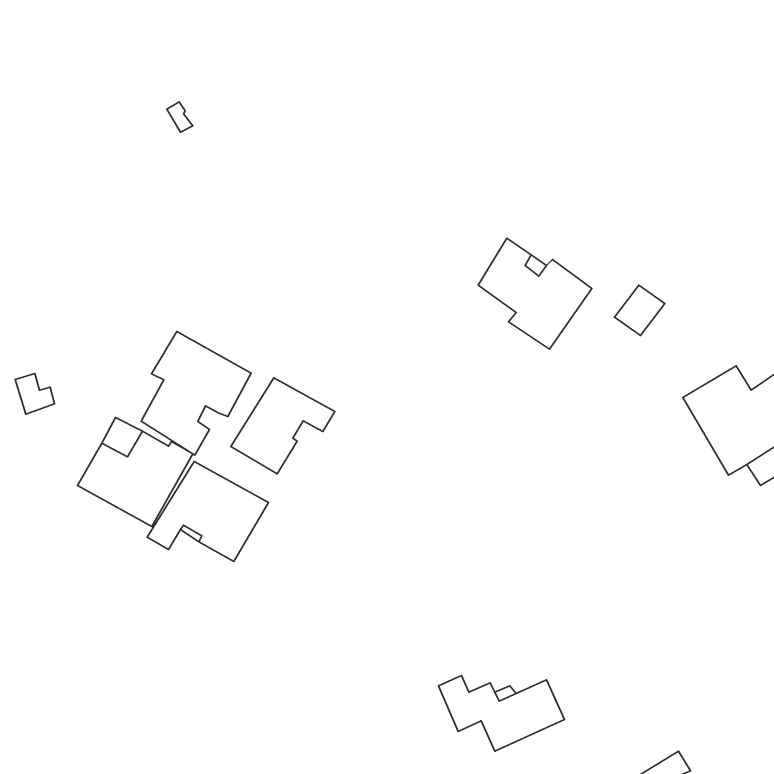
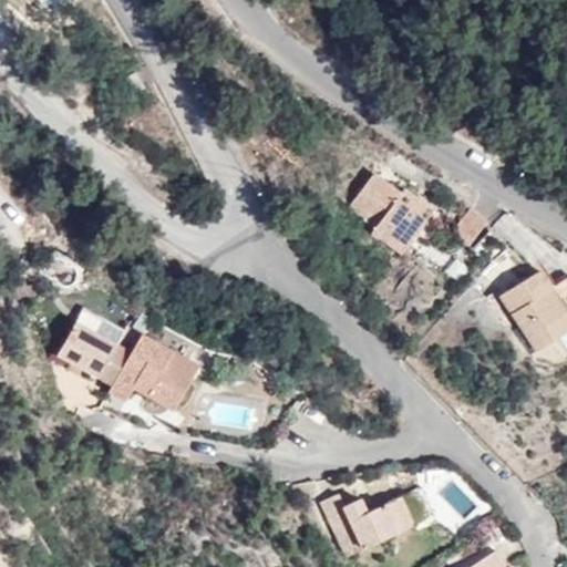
building: [141,331,251,455] -> none
building: [231,378,335,474] -> none

